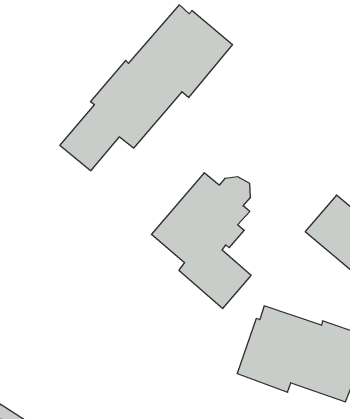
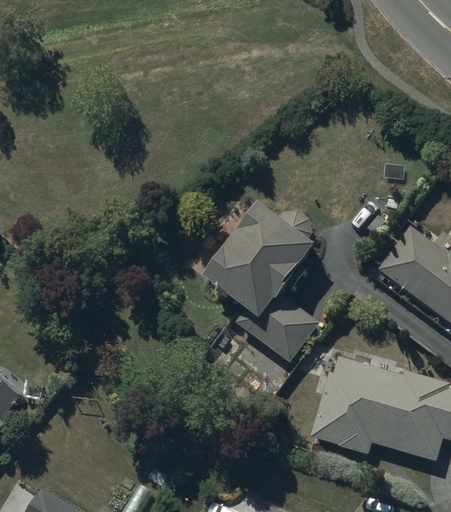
building: [60,5,232,171] -> none

